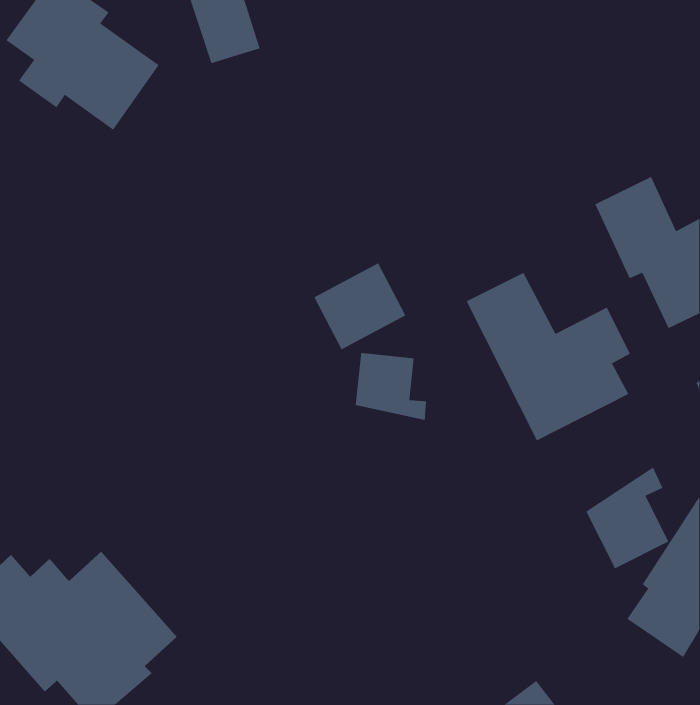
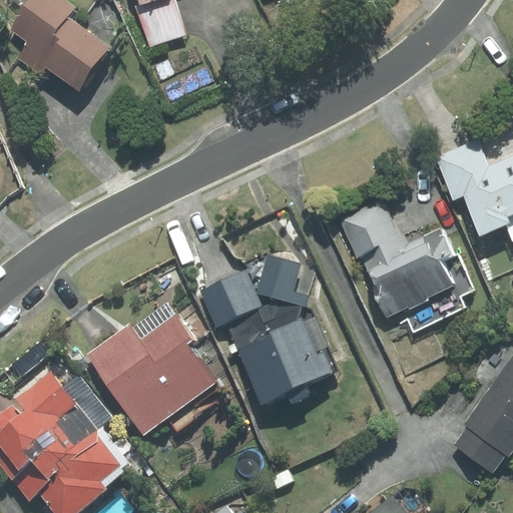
building: [313,263,406,350] -> [195,267,263,330]
building: none -> [87,312,220,437]
building: none -> [237,314,340,408]
building: [585,466,669,569] -> none

